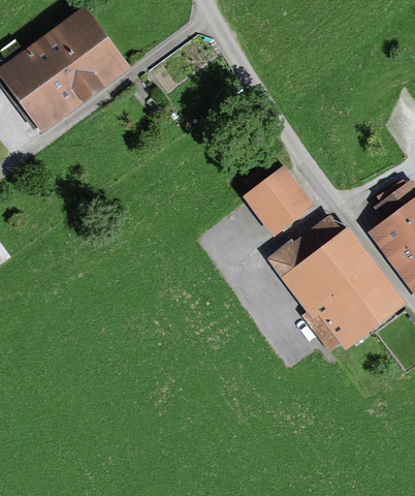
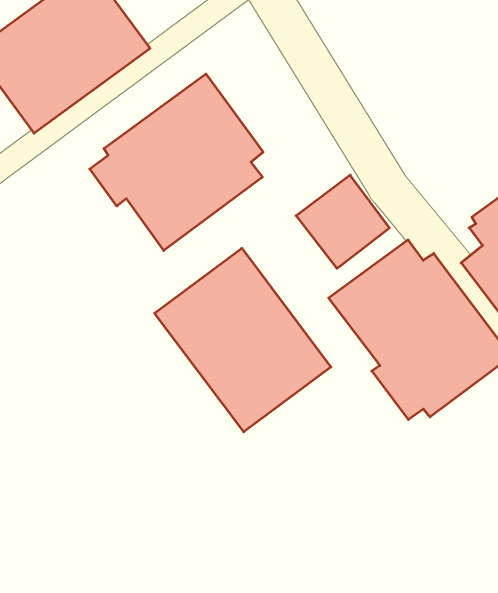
building: none -> [90,74,263,251]
building: none -> [155,248,331,432]

